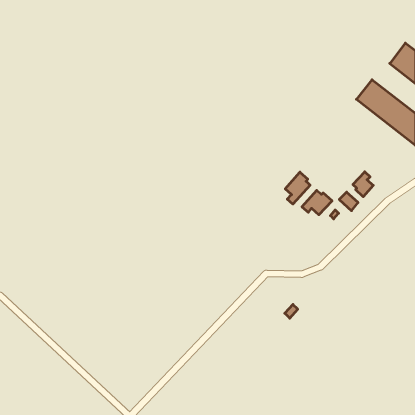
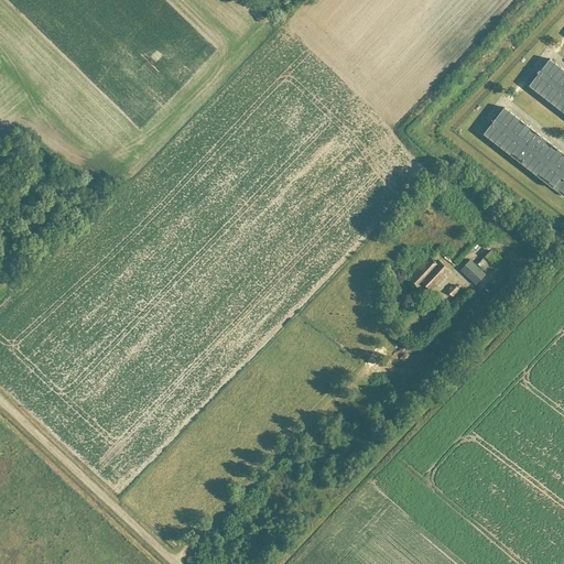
building: [353,172,373,197] -> none
building: [285,172,310,204] -> none

